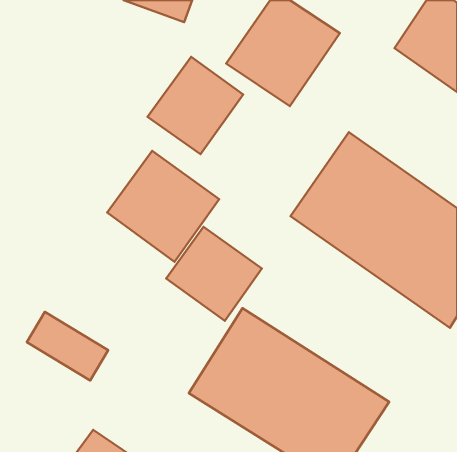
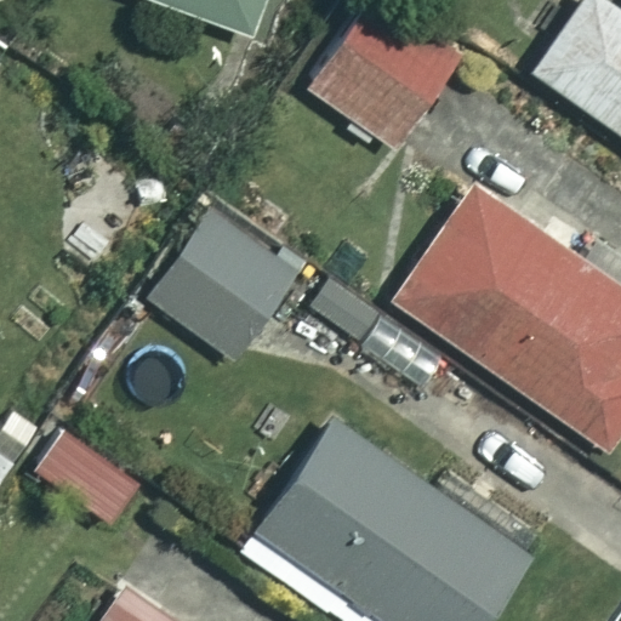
building: [148,57,243,154] -> none
building: [166,227,262,321] -> none

